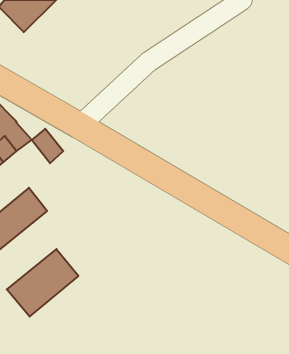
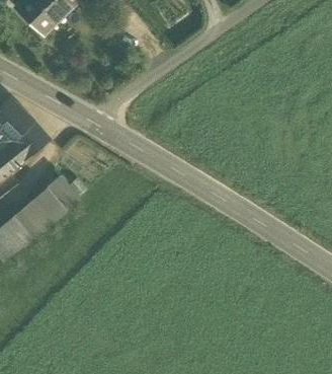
building: [32,129,63,163] -> [46,177,77,212]
building: [7,249,78,317] -> none

